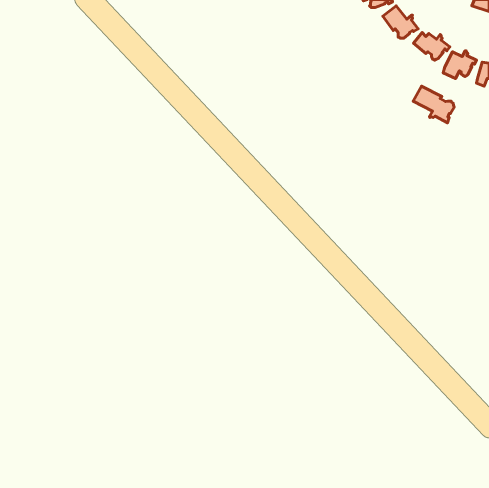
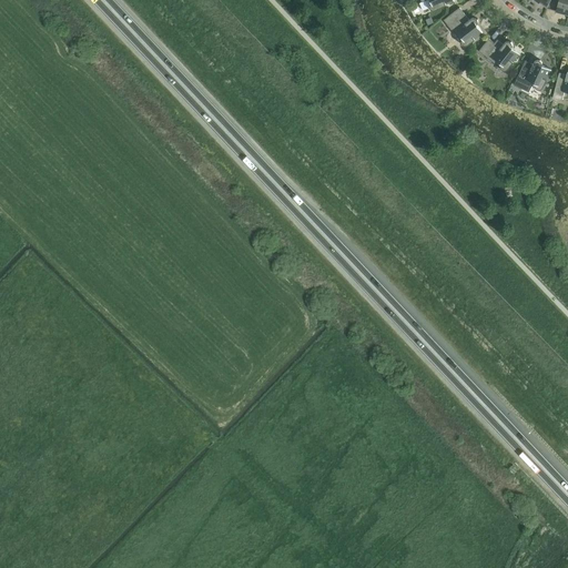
building: [413,86,454,123] -> none

